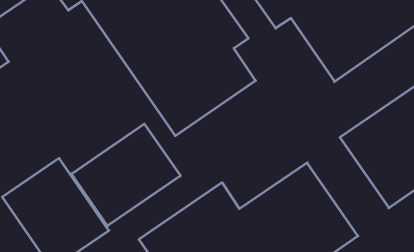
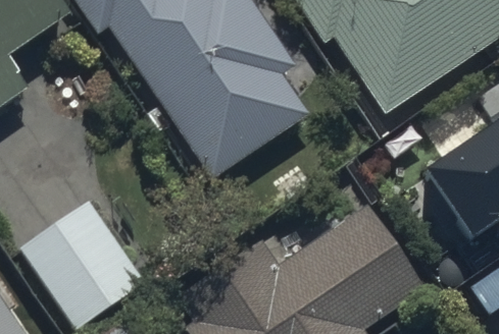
building: [71,124,180,226] -> none

